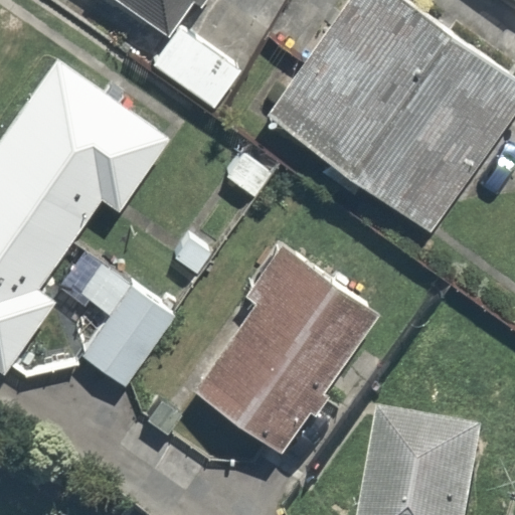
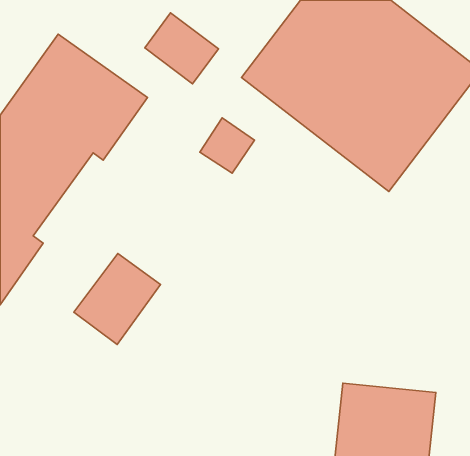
building: [192,250,372,449] -> none

